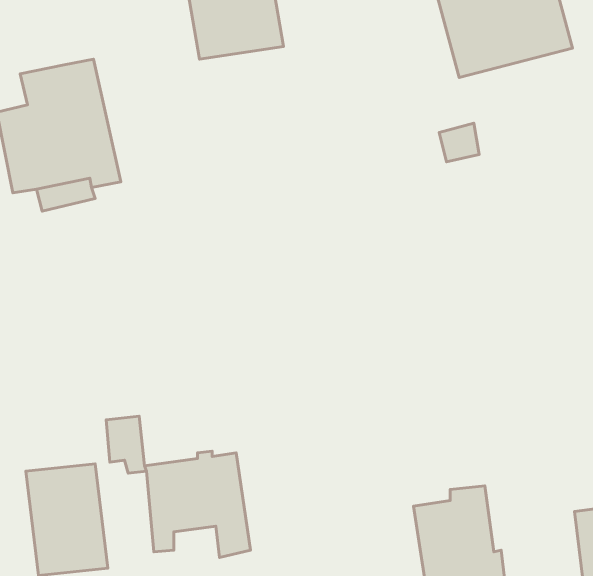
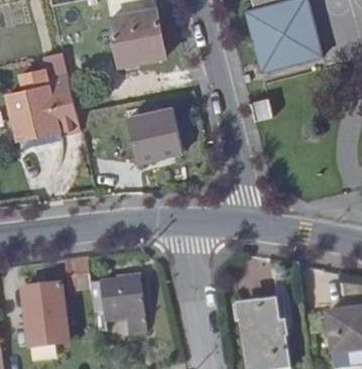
building: none -> [128,107,180,165]

